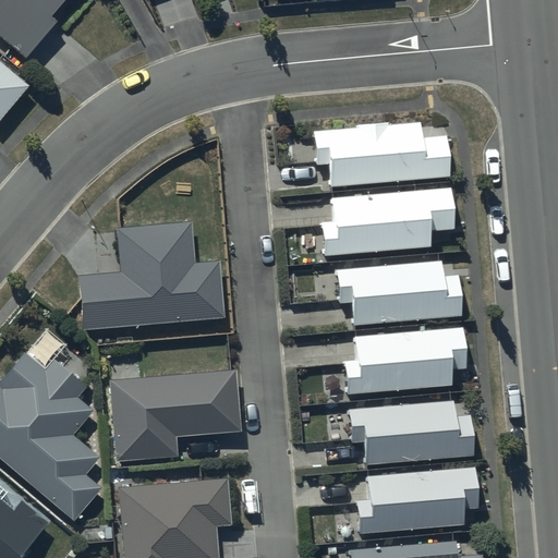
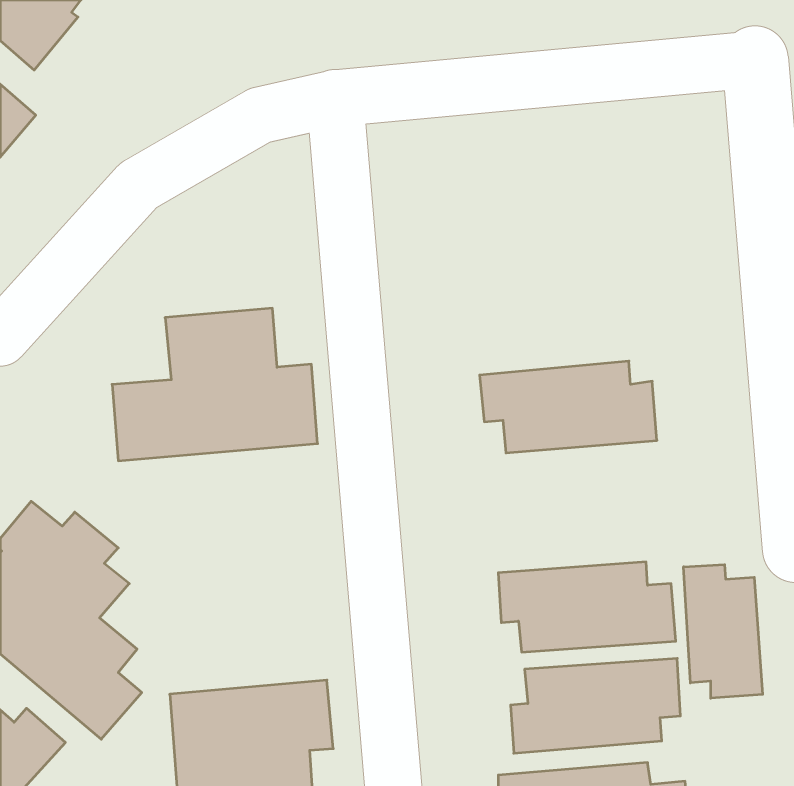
building: [315,122,450,186] -> none
building: [322,187,452,255] -> none
building: [347,329,466,393] -> none
building: [108,372,240,464] -> none
building: none -> [684,565,763,698]

